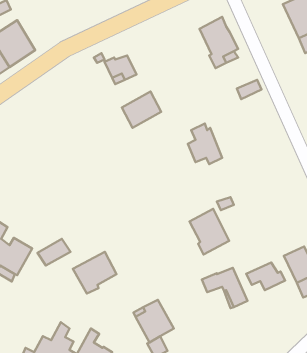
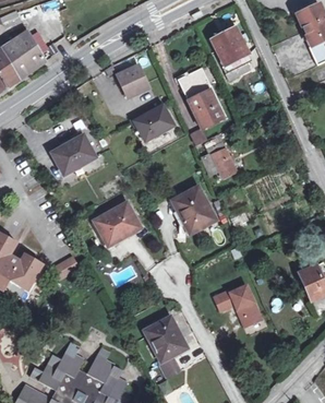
building: none -> [181,72,227,128]
building: none -> [52,130,95,173]
building: [190,209,229,255] -> [174,186,215,233]
building: [73,252,117,293] -> [94,202,139,245]
building: [246,262,285,290] -> none

